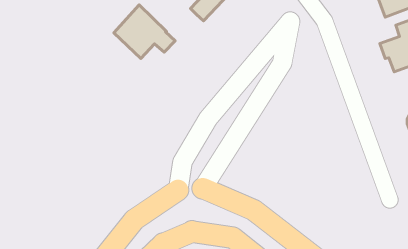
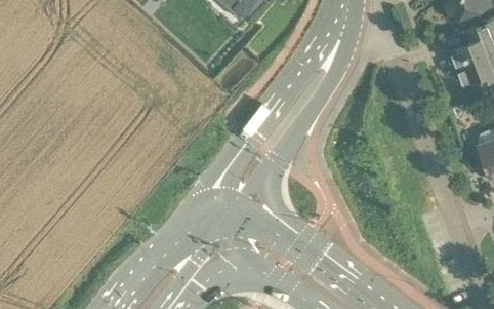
building: [114,5,175,58] -> none

